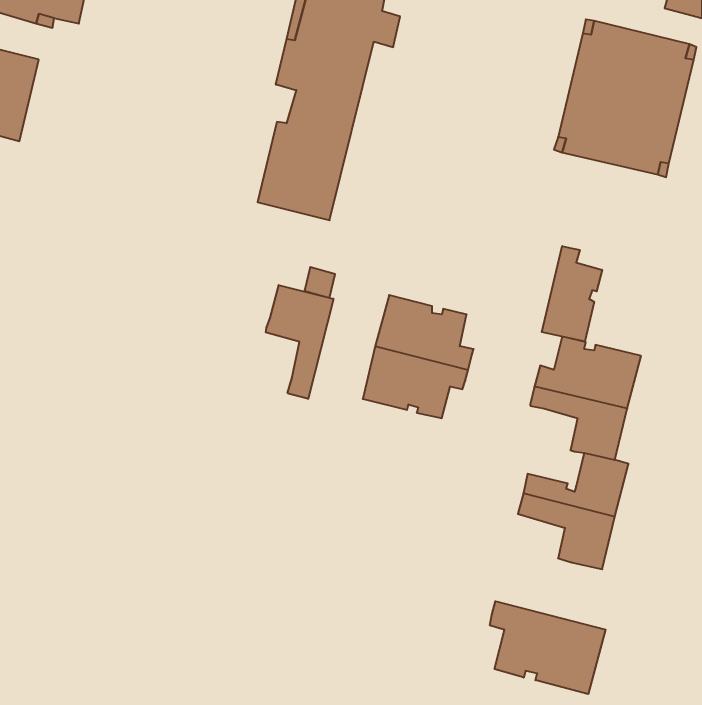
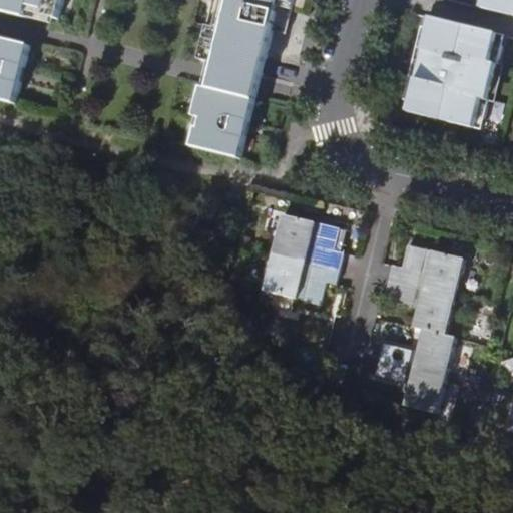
building: [542,246,602,342] -> none
building: [266,285,333,399] -> none
building: [490,601,606,694] -> none

